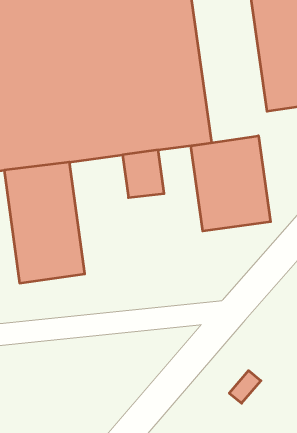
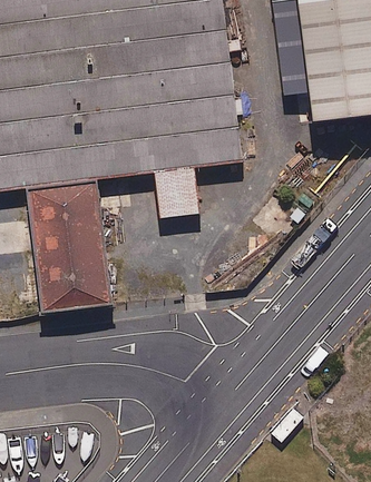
building: [191,136,271,231] -> none

